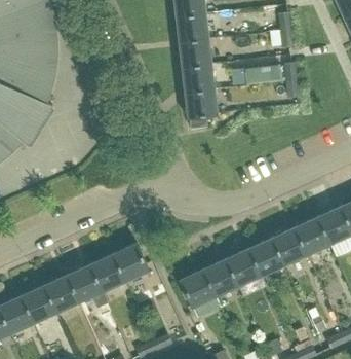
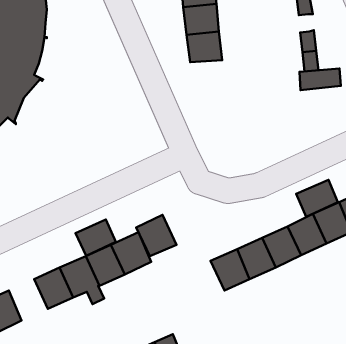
building: [245,66,282,85] -> [299,69,341,90]
building: [185,88,217,127] -> none
building: none -> [296,180,338,217]
building: none -> [75,220,116,256]
building: [180,268,216,306] -> [136,215,176,256]
building: [23,285,57,322] -> none

